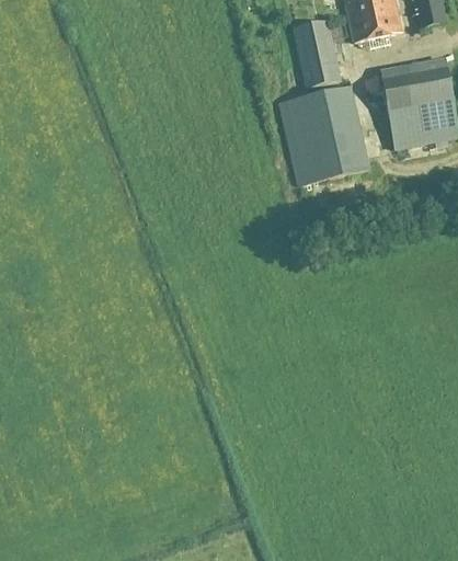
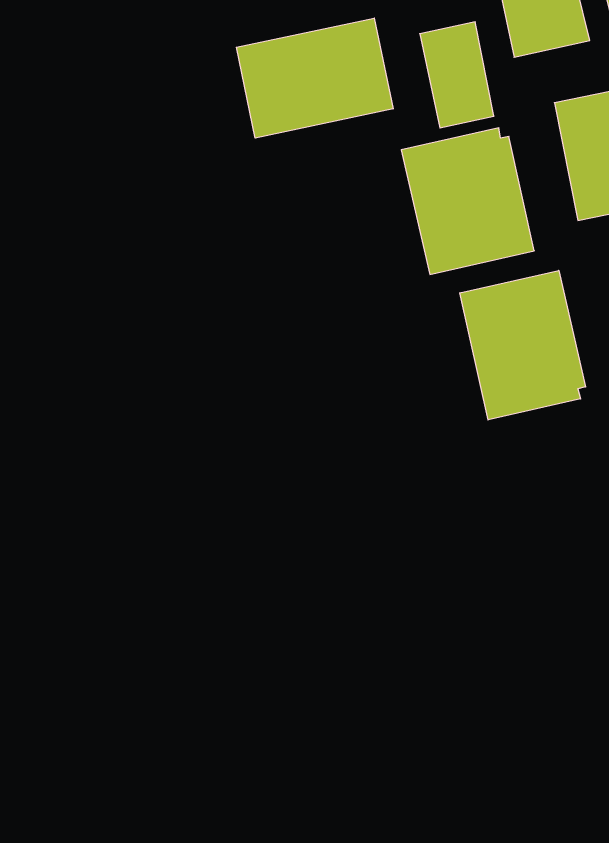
building: none -> [236,18,393,138]
building: none -> [460,270,586,420]

